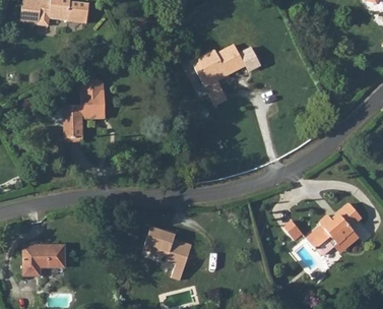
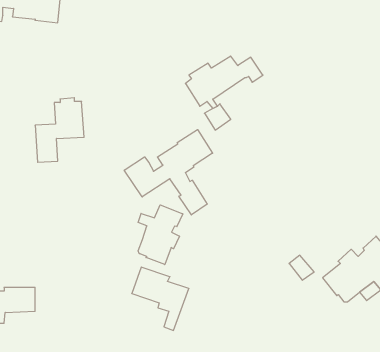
building: none -> [124,130,213,215]
building: none -> [138,205,183,265]

